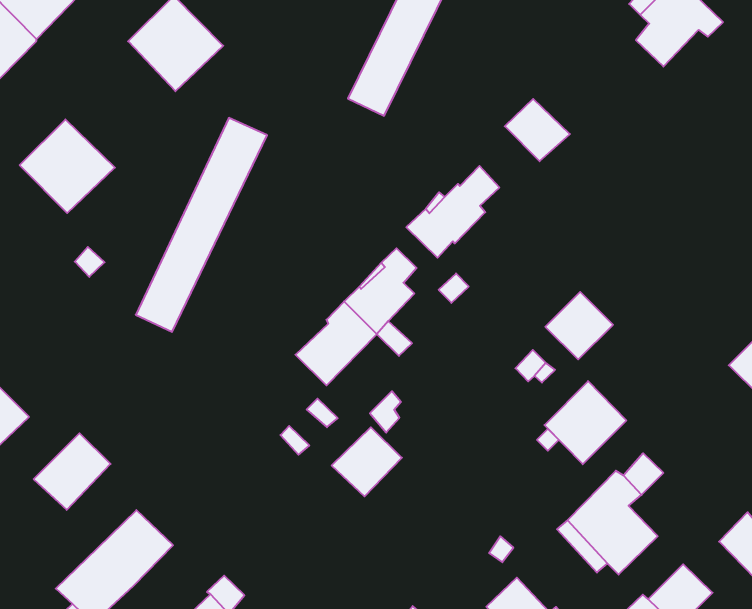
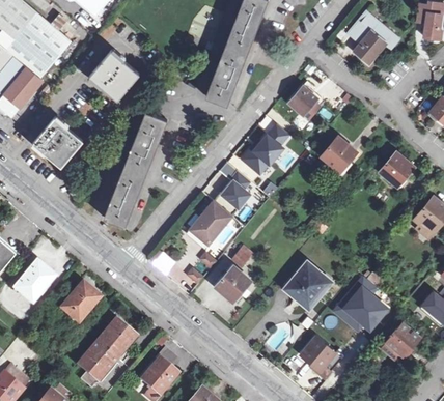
building: none -> [381,152,414,185]
building: [545,292,613,359] -> [322,136,357,171]
building: [544,381,626,464] -> [287,262,330,306]

